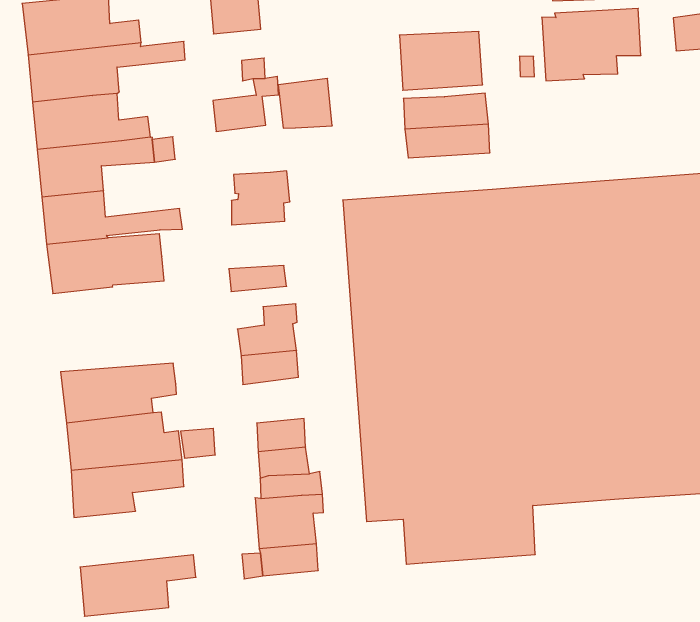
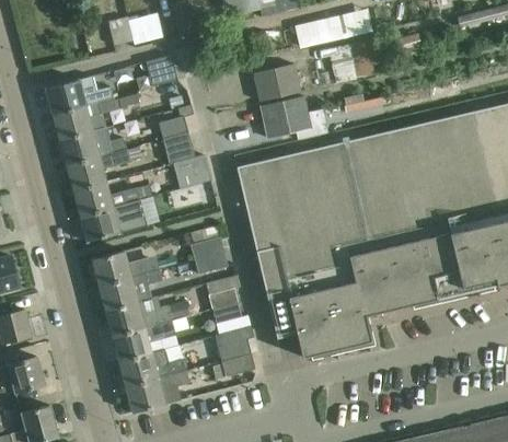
building: [278,78,332,128] -> [162,132,195,163]
building: none -> [92,251,159,283]
building: none -> [118,346,186,387]

